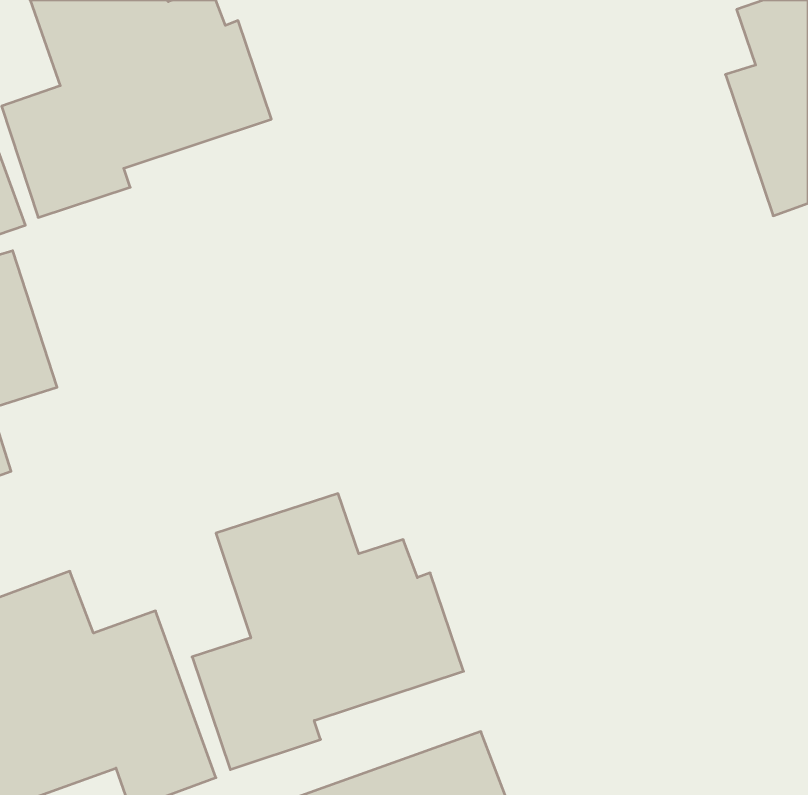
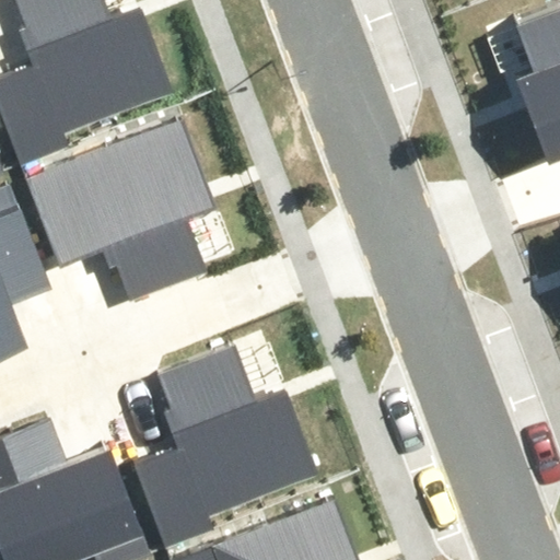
building: none -> [20,124,234,299]

